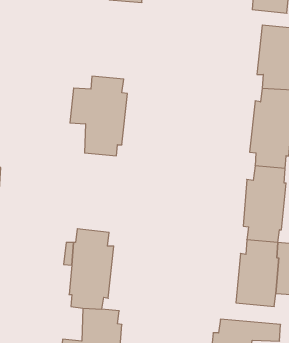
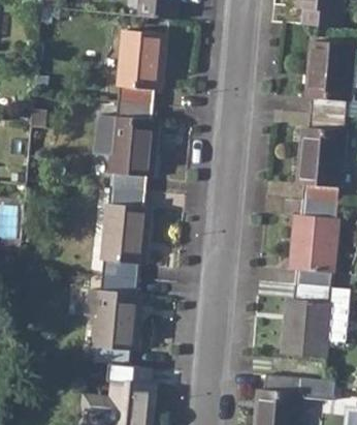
building: none -> [118,27,168,102]
building: none -> [101,186,152,276]

